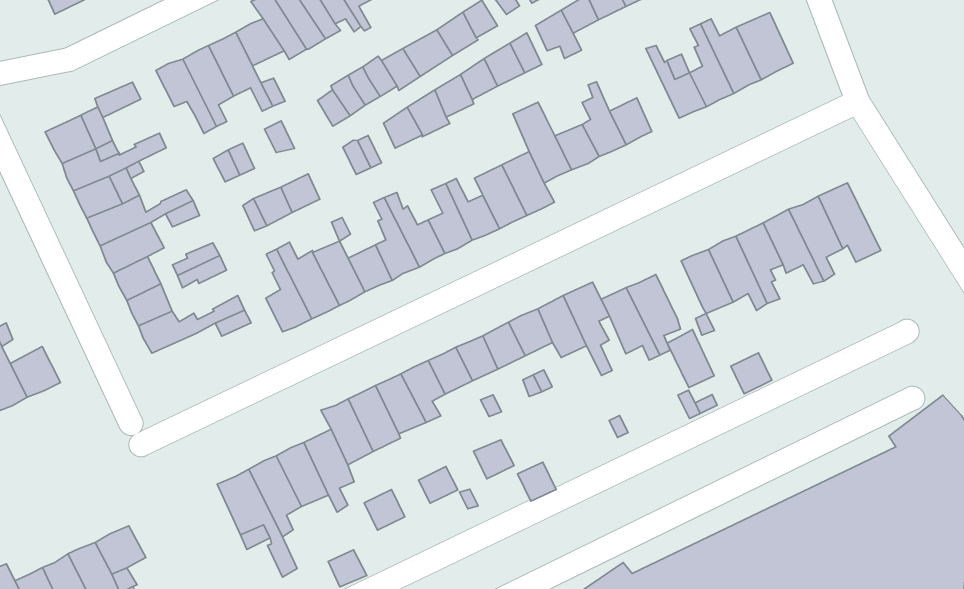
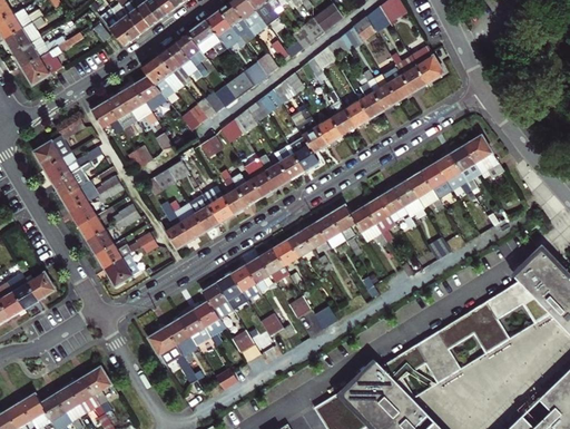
building: none -> [356,72,383,118]
building: [667,330,714,387] -> [379,188,406,221]
building: none -> [104,255,137,286]

